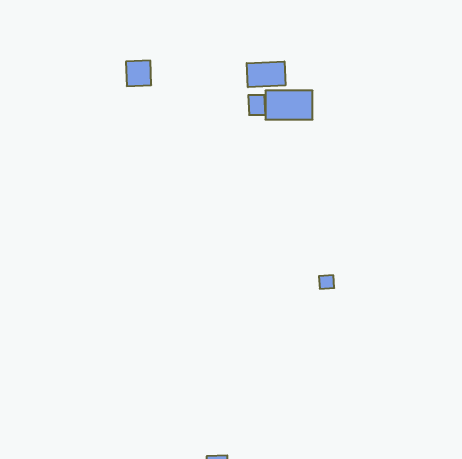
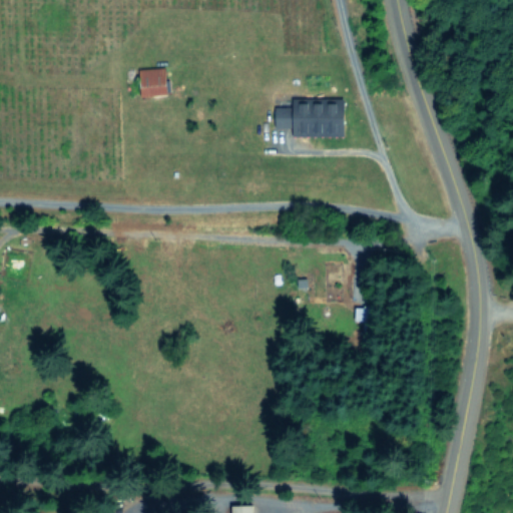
building: [247,61,285,87] -> none

